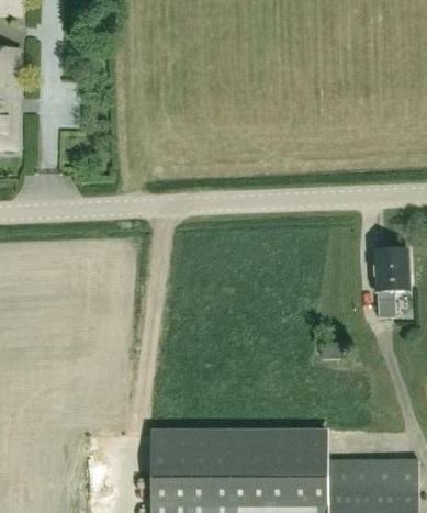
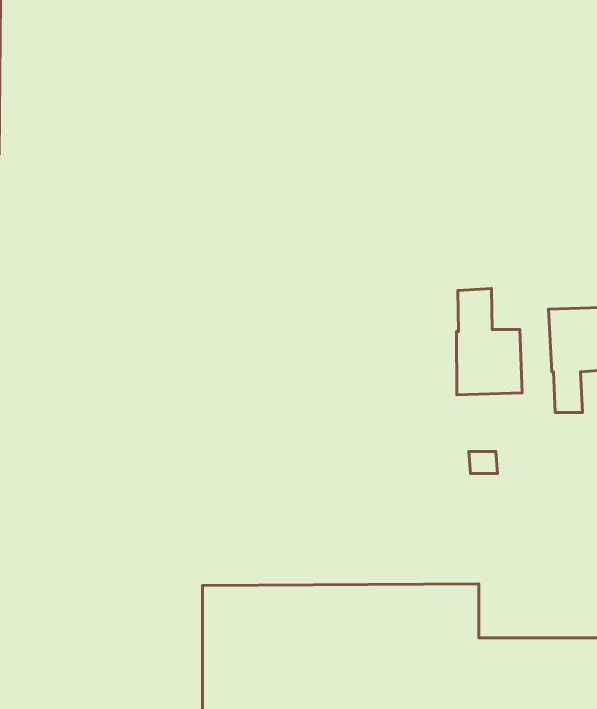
building: none -> [457,288,522,395]

